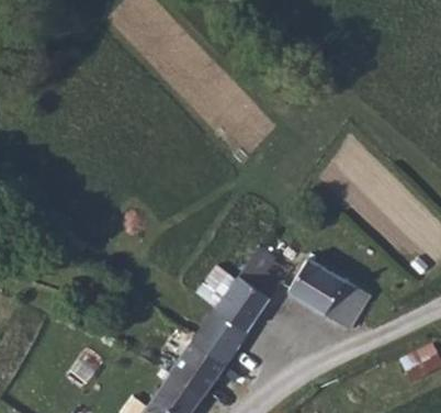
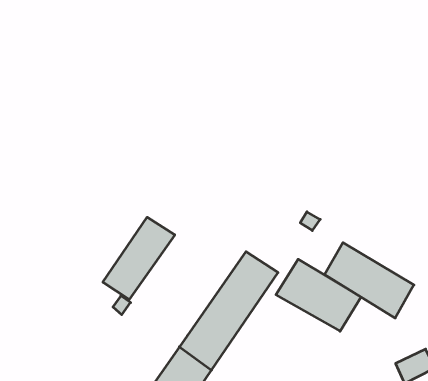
building: none -> [103,217,175,300]
building: none -> [325,243,414,318]

